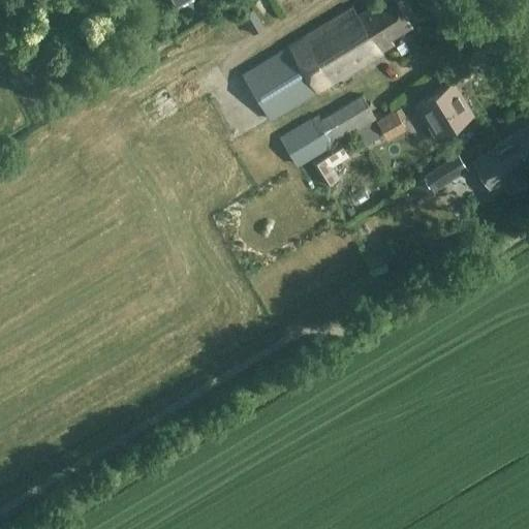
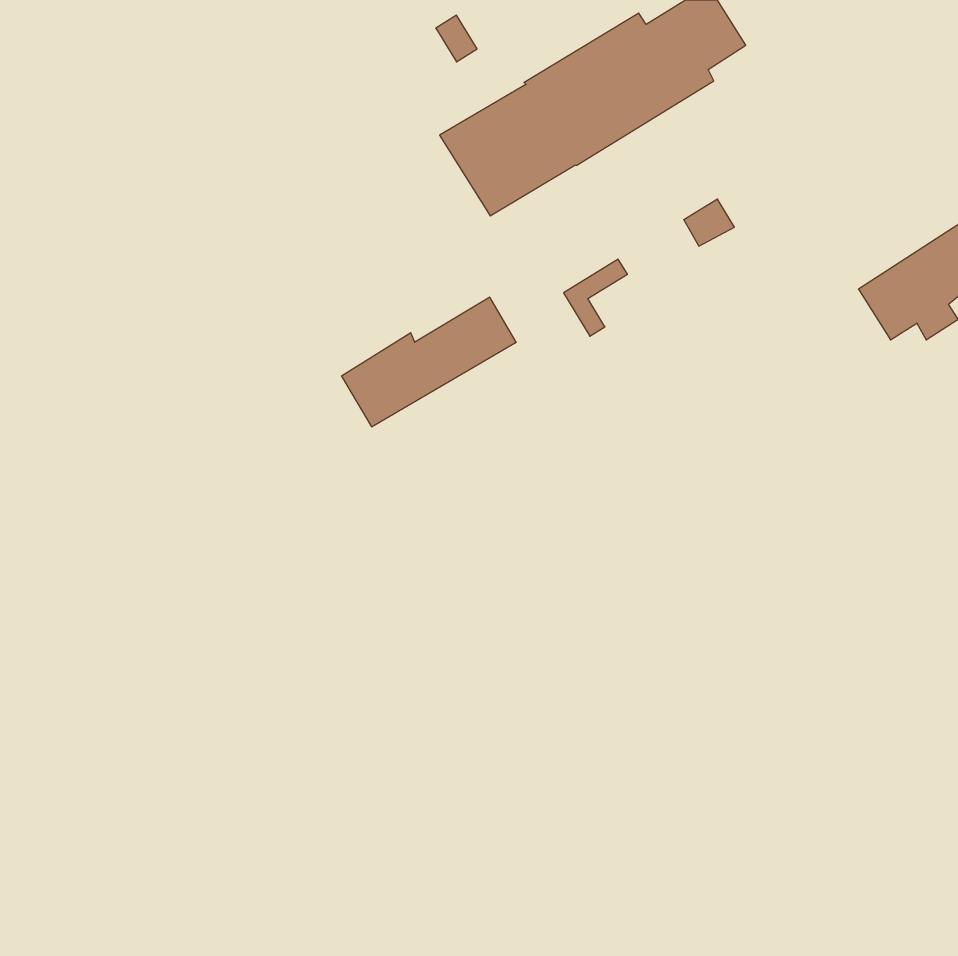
building: [415,84,473,139] -> none
building: [280,96,376,167] -> [341,297,516,427]
building: [423,154,466,191] -> none

